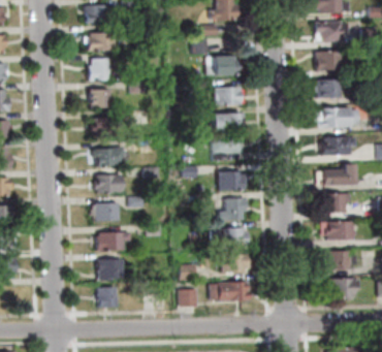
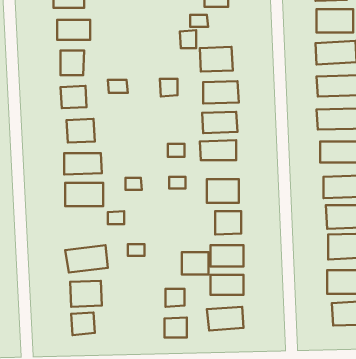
building: [91,202,119,220] -> none
building: none -> [182,252,208,274]

